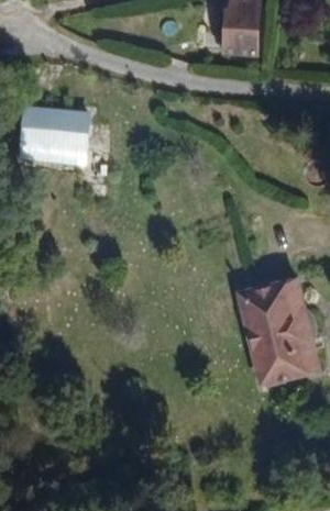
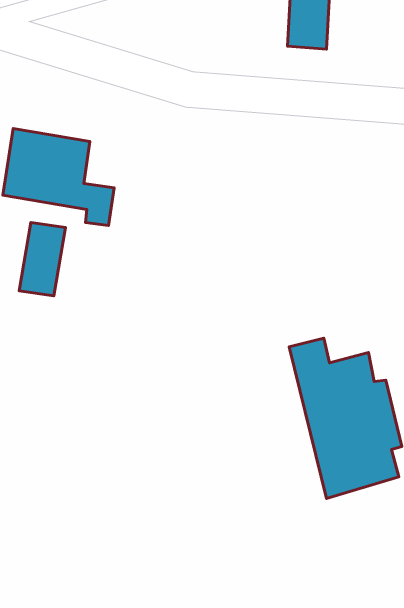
building: none -> [19,223,65,296]

